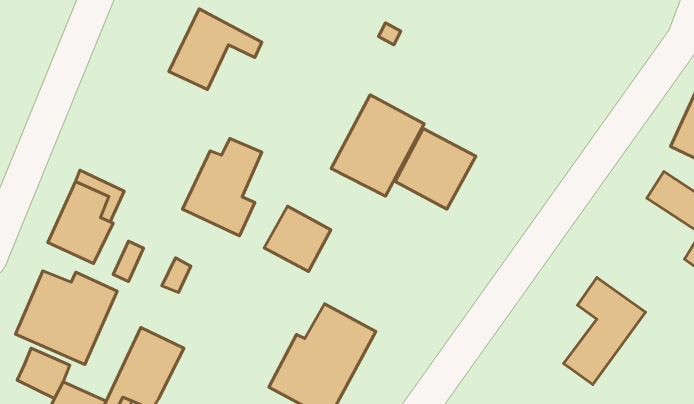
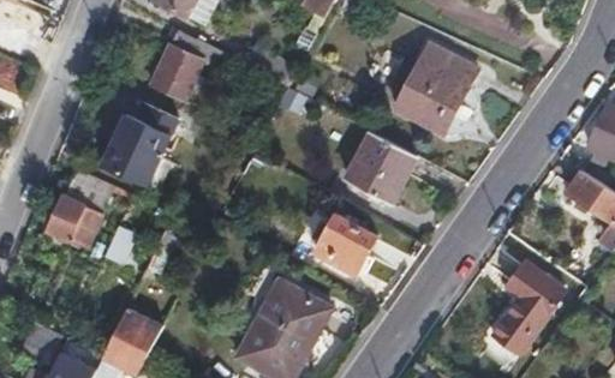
building: [331,95,424,196] -> [394,43,474,131]
building: [183,138,262,236] -> [98,102,167,186]
building: [264,206,331,272] -> [316,216,374,272]
building: [15,271,117,365] -> none

